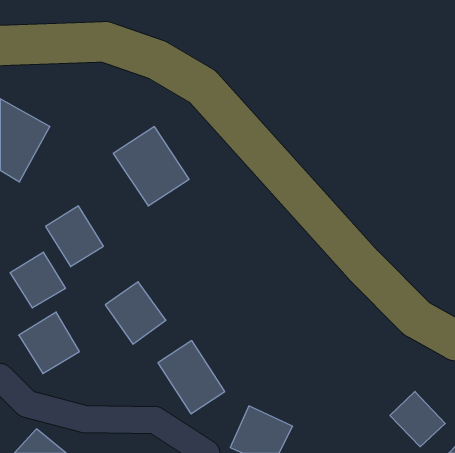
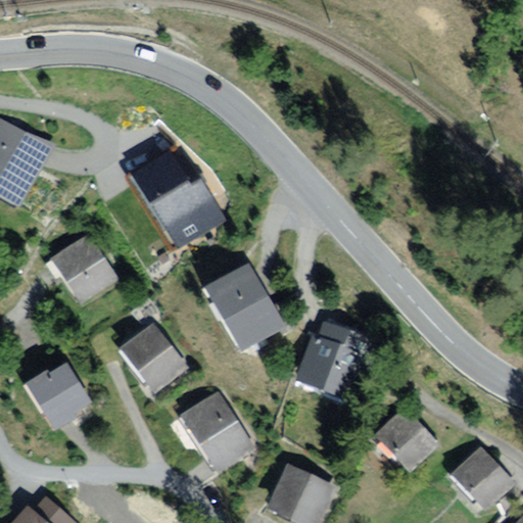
building: none -> [201,263,284,352]
building: [10,252,65,308] -> none
building: none -> [297,321,365,399]
building: none -> [372,412,438,478]

